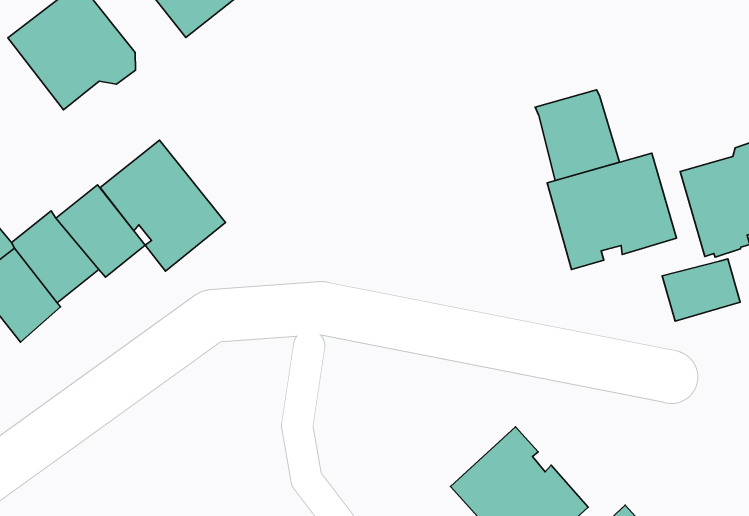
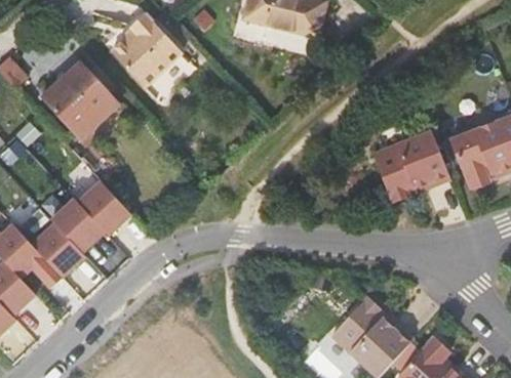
building: [535,90,620,181] -> none
building: [100,140,226,271] -> none
building: [662,259,740,321] -> none

